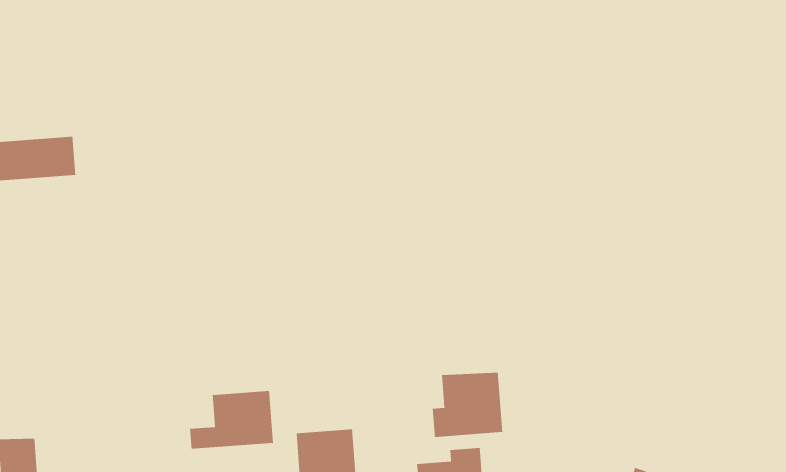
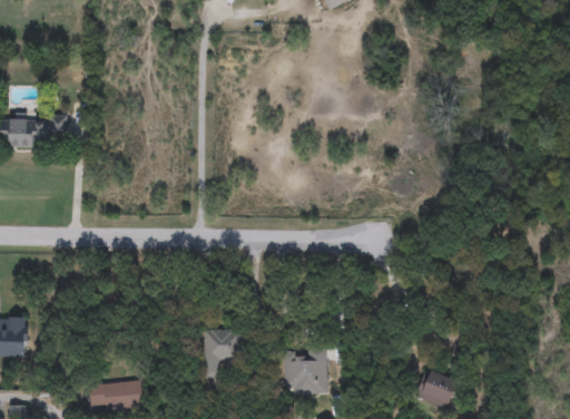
building: [432,372,503,438] -> none
building: [190,390,273,450] -> none

